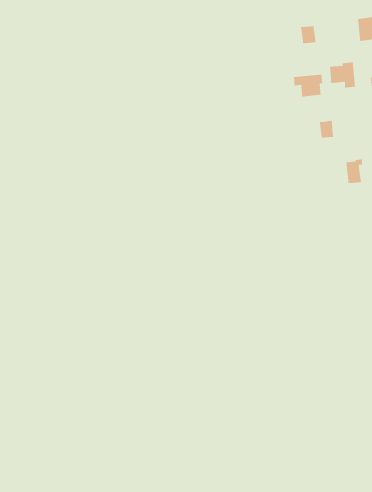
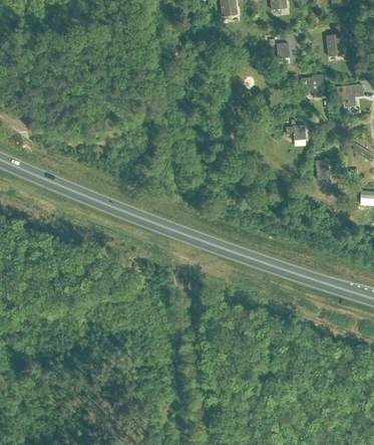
building: [293,74,323,97] -> none

